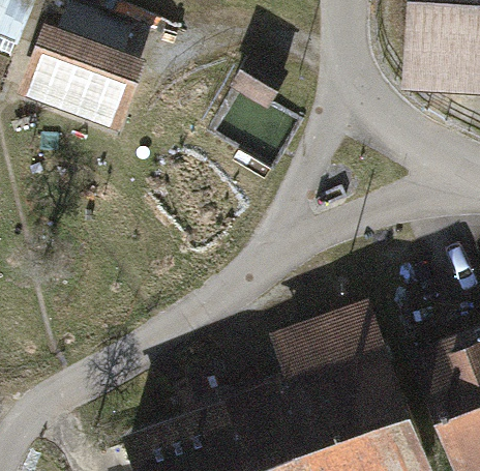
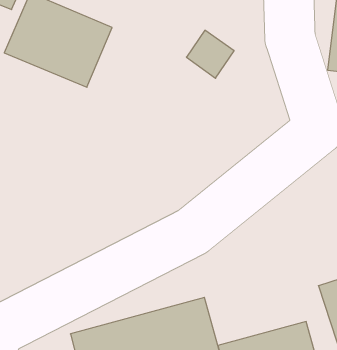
building: [266,298,399,423] -> none

